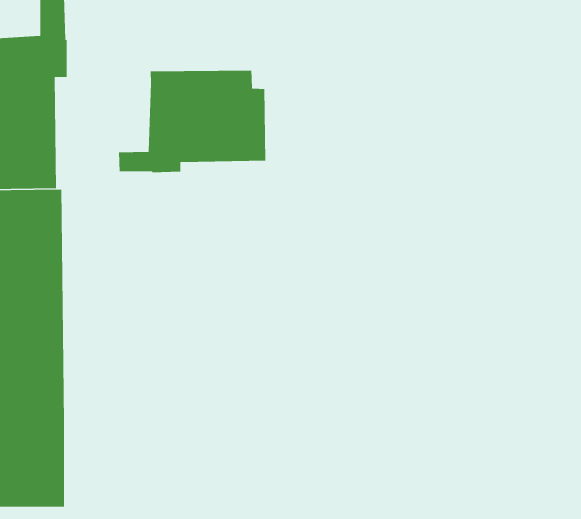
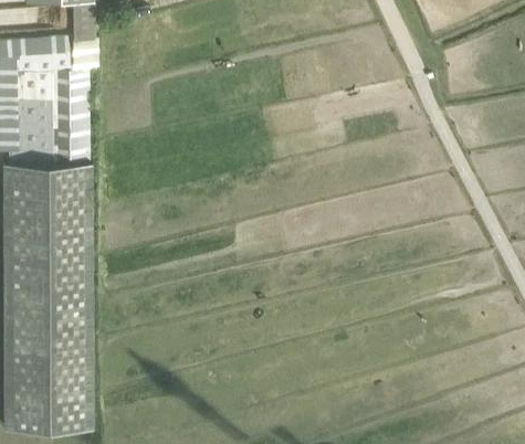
building: [118,70,266,173] -> none

